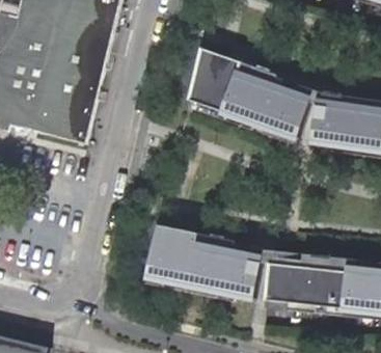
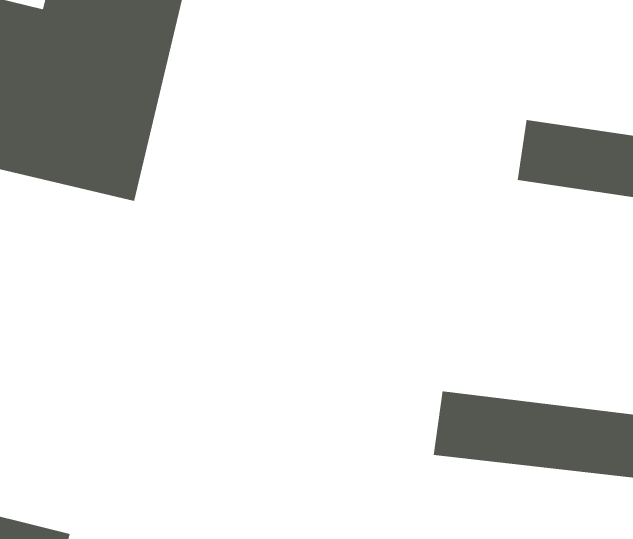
building: [184,44,305,134] -> none
building: [139,222,256,294] -> none

